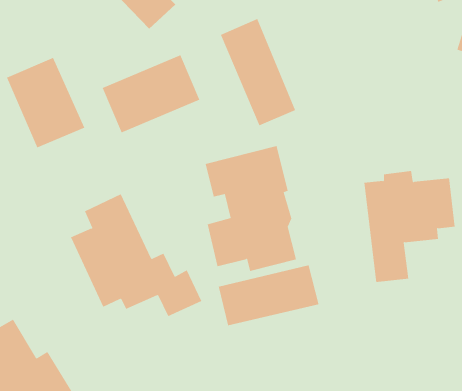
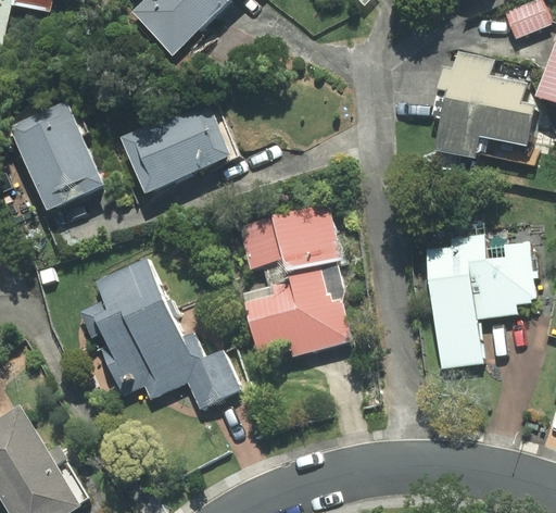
building: none -> [433,52,538,166]
building: [220,18,296,126] -> none
building: [218,264,319,326] -> none

